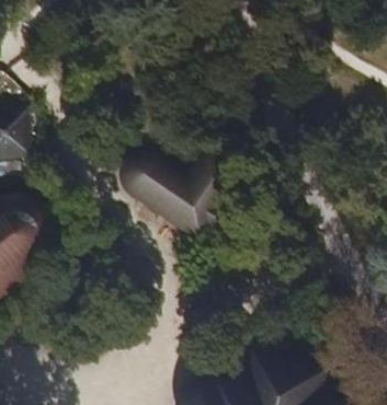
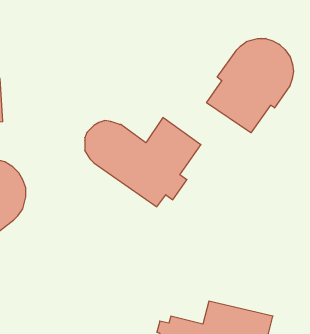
building: none -> [207,38,294,133]

